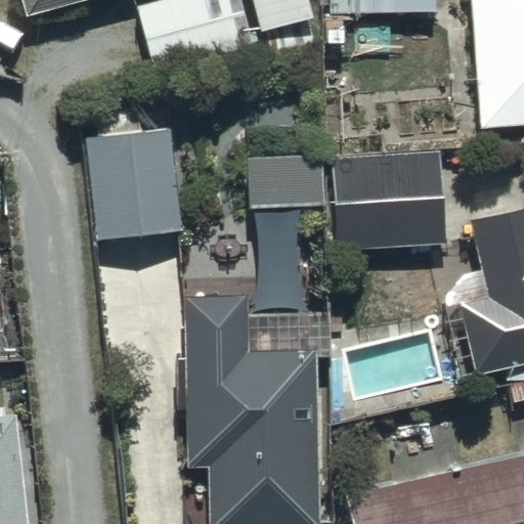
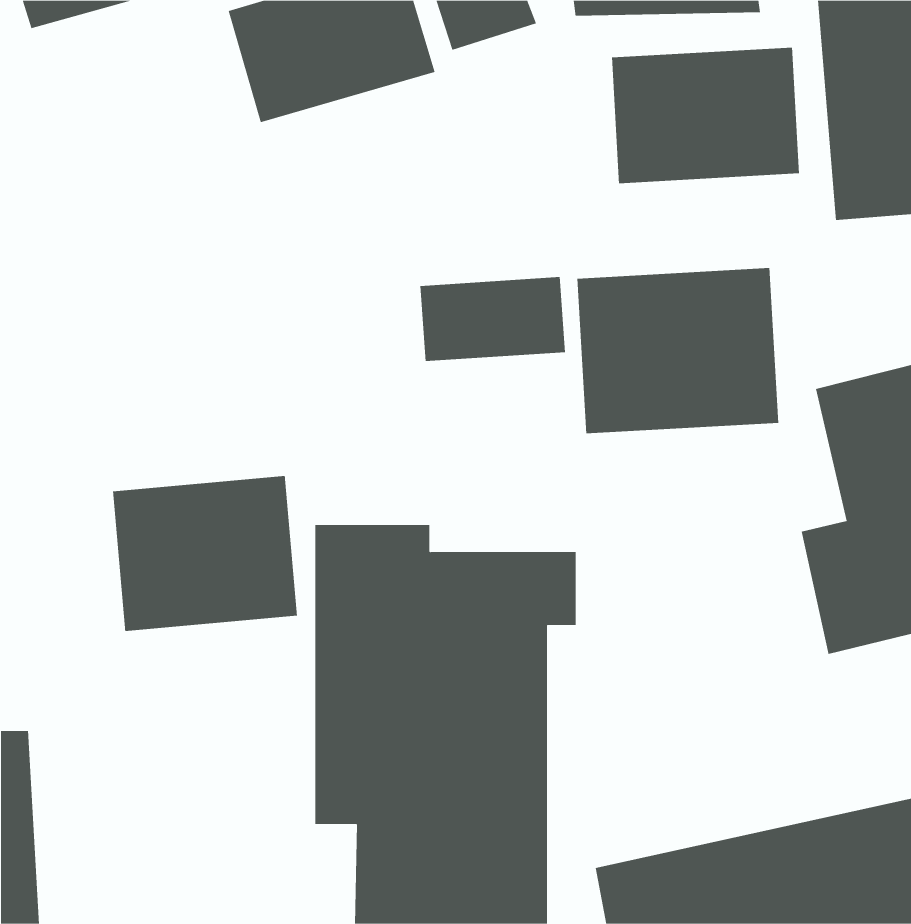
building: none -> [612,47,799,184]
building: [87,127,185,238] -> none
building: none -> [112,475,298,632]

